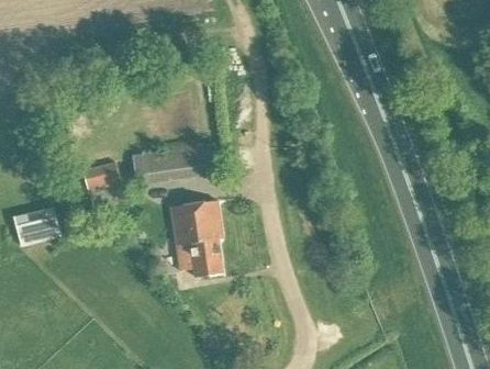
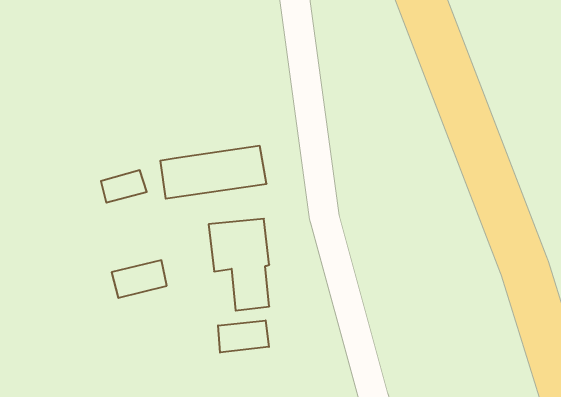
building: [14,215,59,246] -> [112,260,167,298]
building: none -> [218,320,269,353]

